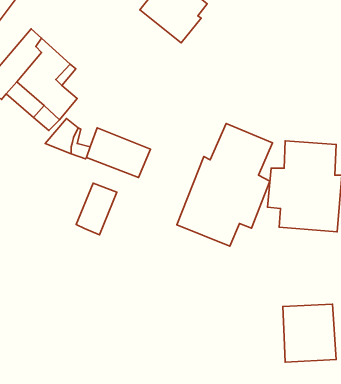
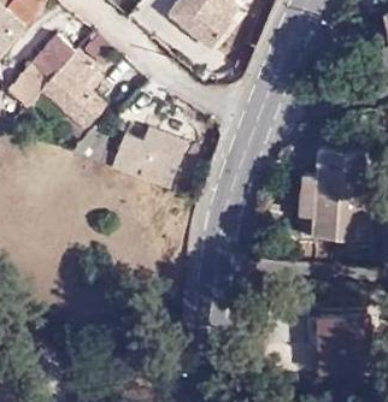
building: [177,123,272,246] -> none
building: [76,183,117,235] -> none

